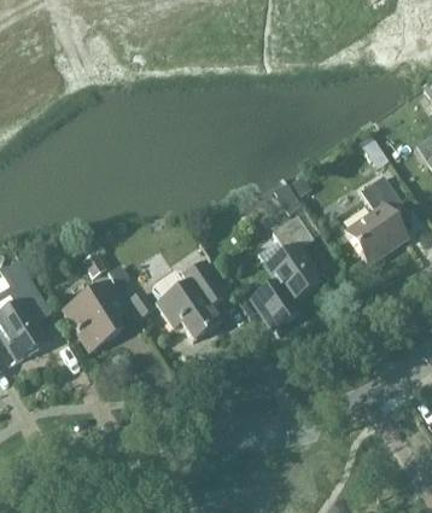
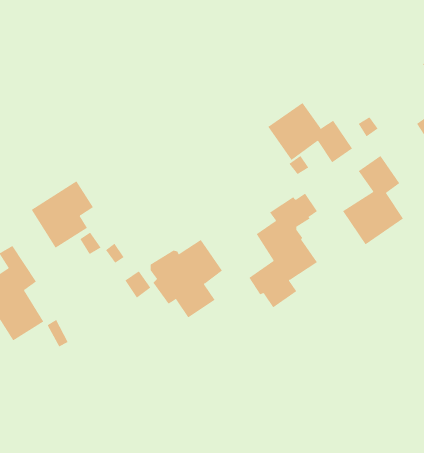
building: none -> [267,102,353,163]
building: [64,282,127,350] -> [31,181,94,249]

